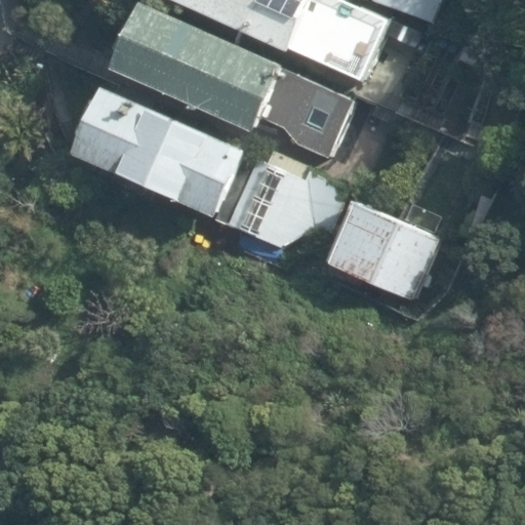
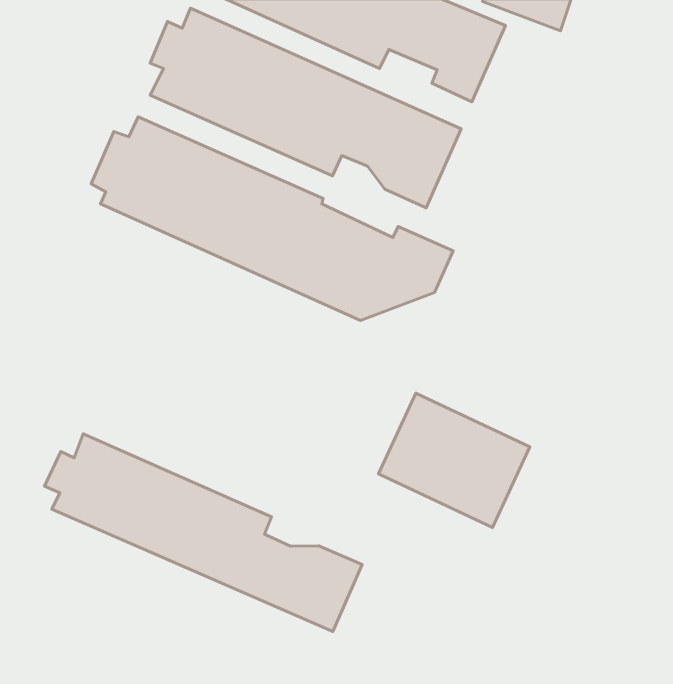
building: [324,200,440,302] -> [378,393,530,527]
building: none -> [45,434,362,632]

